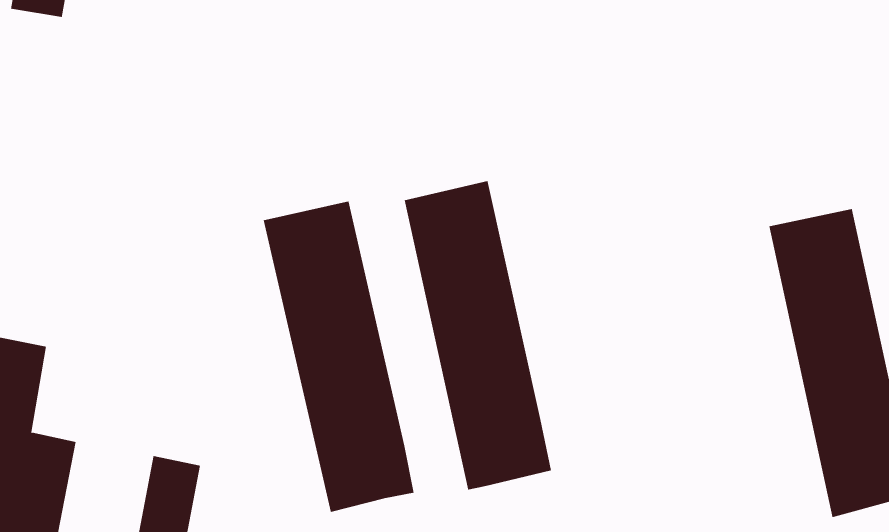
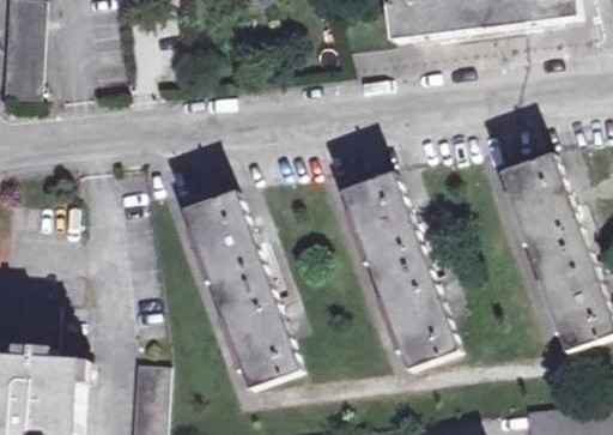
building: [404,181,552,490] -> [344,171,459,368]

